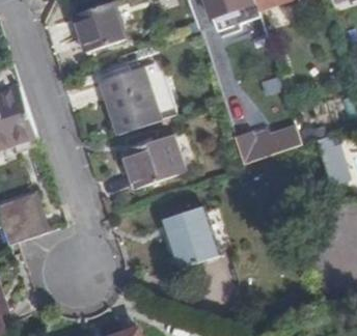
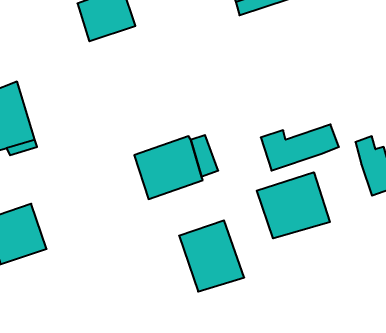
building: [100,65,161,136] -> none
building: none -> [257,172,330,238]

